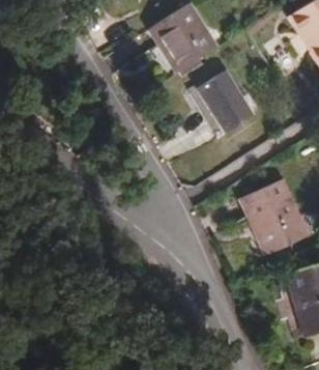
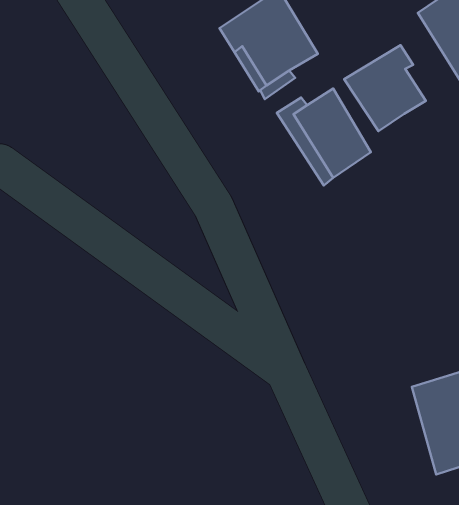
building: none -> [344,45,426,131]
building: [242,178,308,254] -> none

